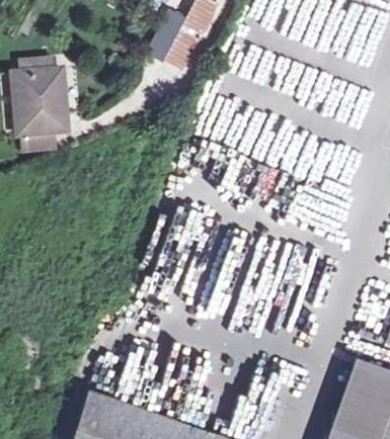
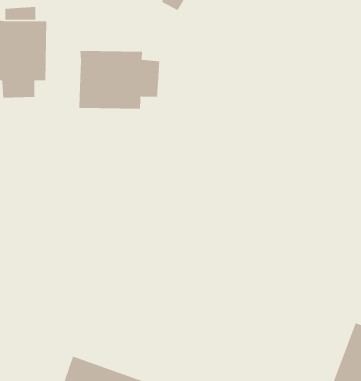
building: none -> [79,50,160,110]

